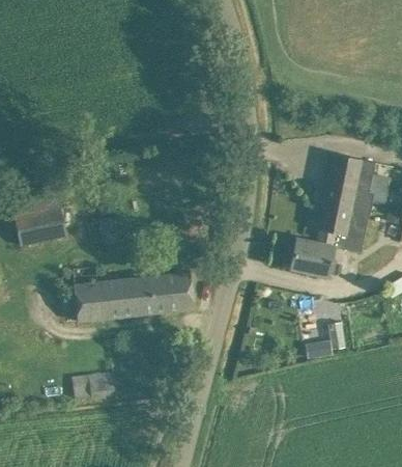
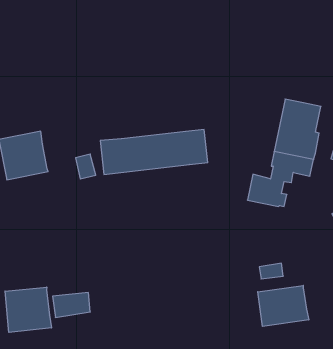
building: [74,271,195,322] -> [100,130,208,174]
building: none -> [258,285,309,326]
building: none -> [5,287,51,332]

